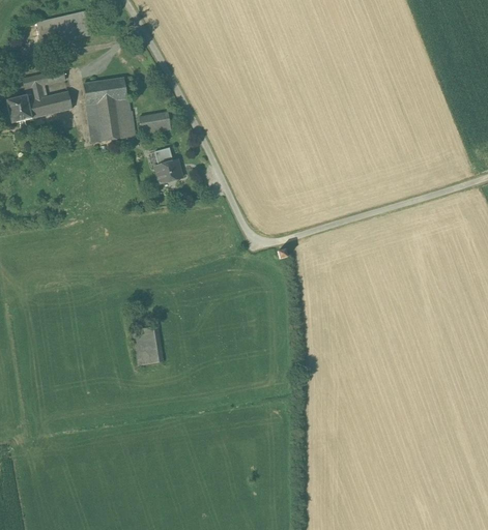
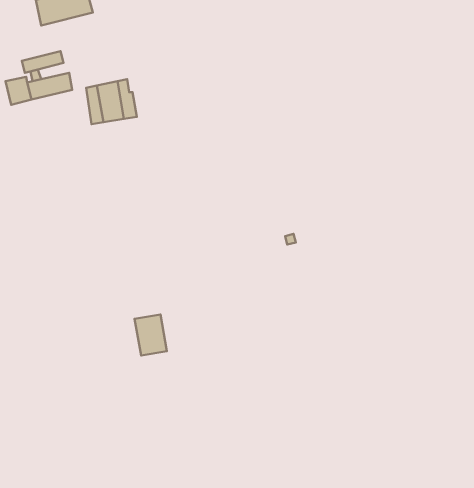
building: [82,78,125,107] -> none
building: [138,112,170,134] -> none
building: [155,159,182,182] -> none

